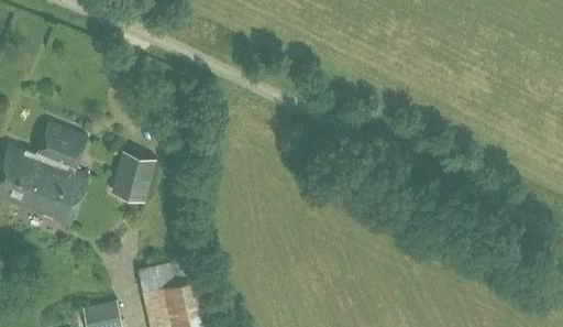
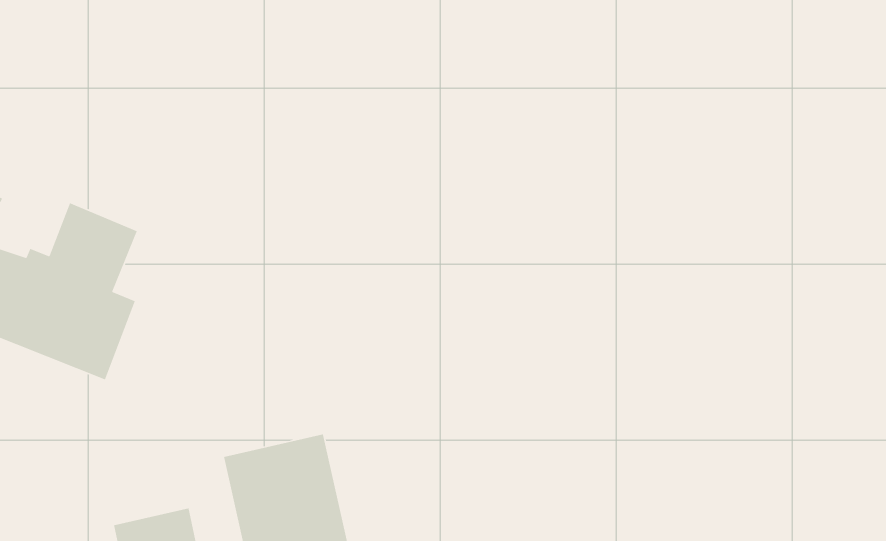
building: [112,149,157,200] -> none

